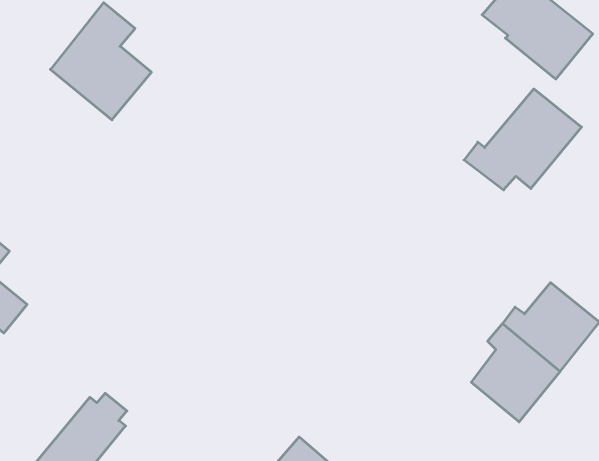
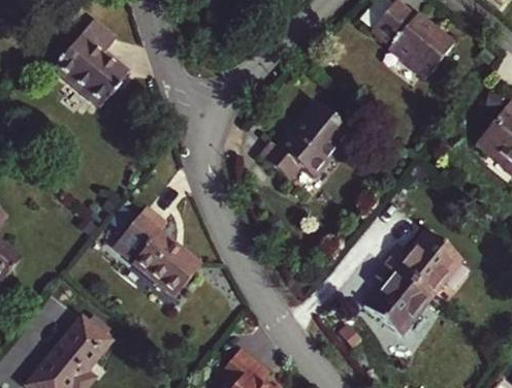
building: [464,89,582,190] -> [264,101,353,177]
building: none -> [115,204,197,296]

